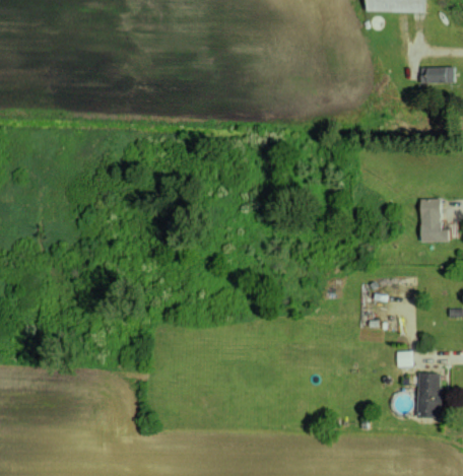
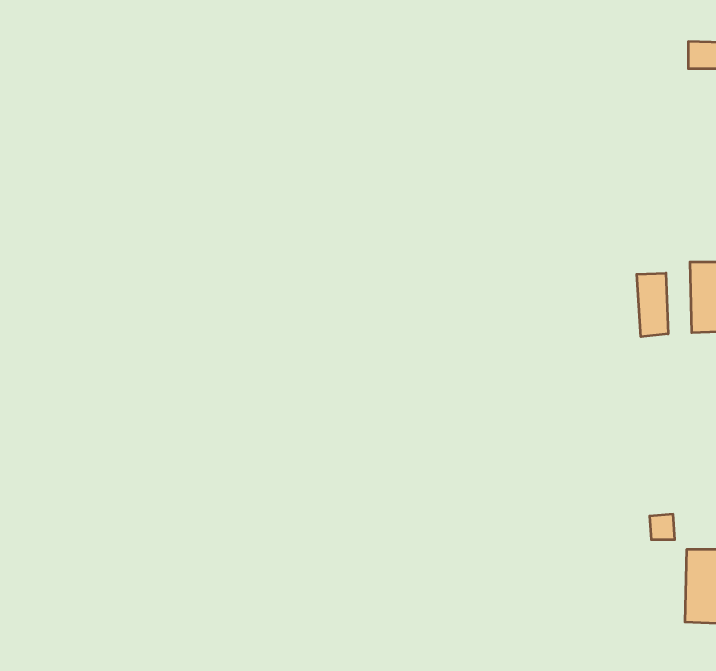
building: none -> [637,273,668,337]

